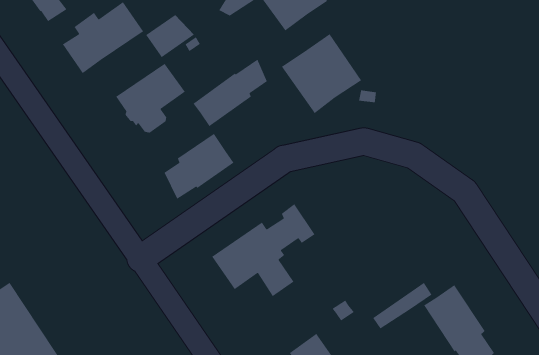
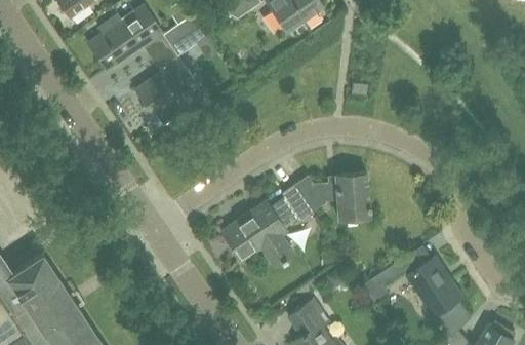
building: [281,33,362,114] -> none
building: [192,59,268,127] -> none
building: [163,133,235,200] -> none
building: none -> [294,174,370,221]

